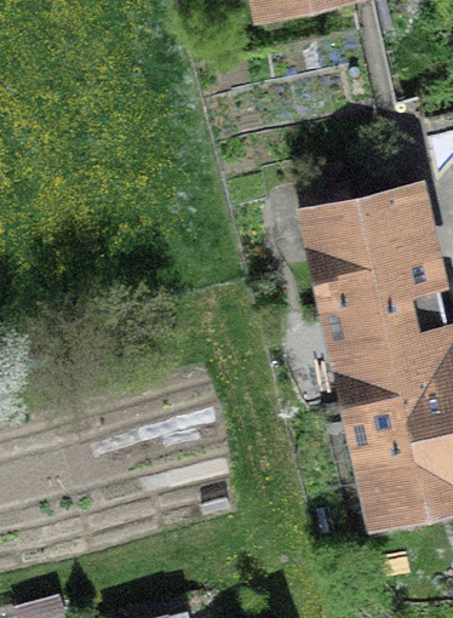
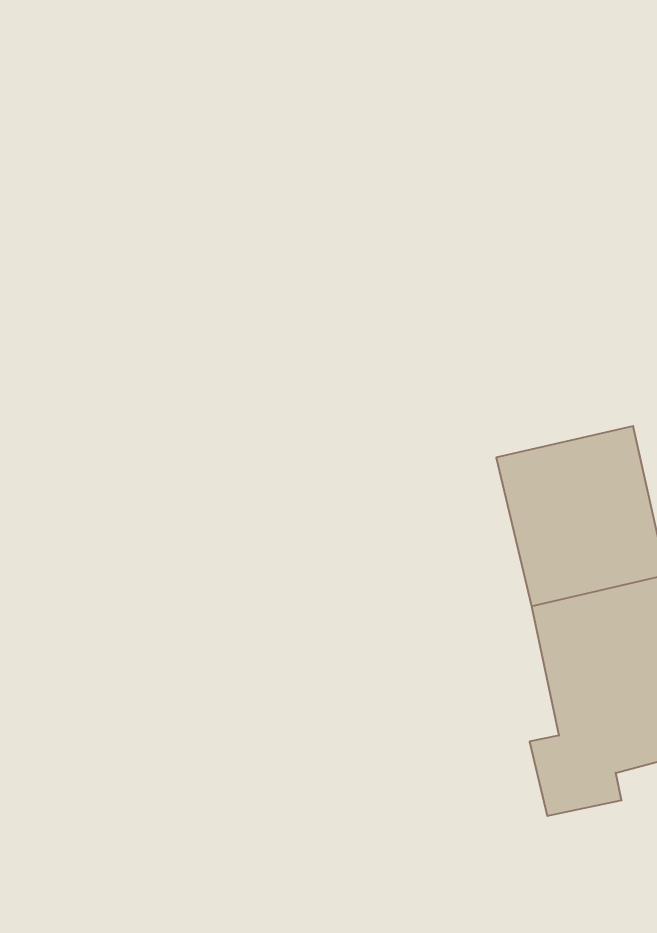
building: [316,193,422,307] -> none

